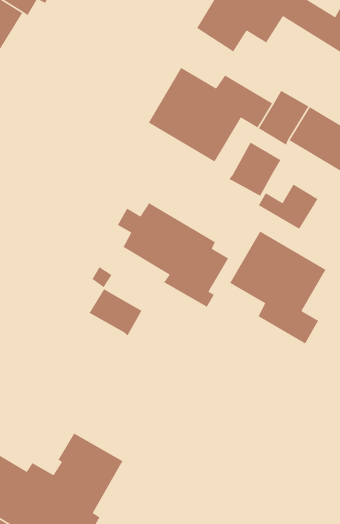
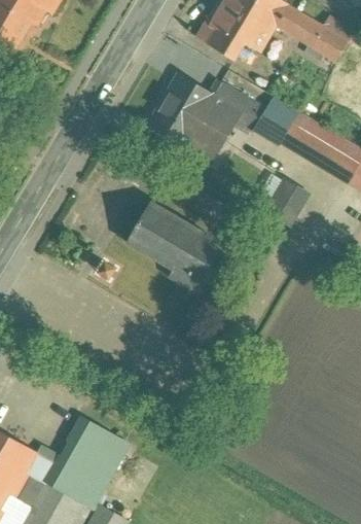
building: [228,141,281,197] -> none
building: [229,231,327,345] -> none
building: [89,288,143,337] -> none

